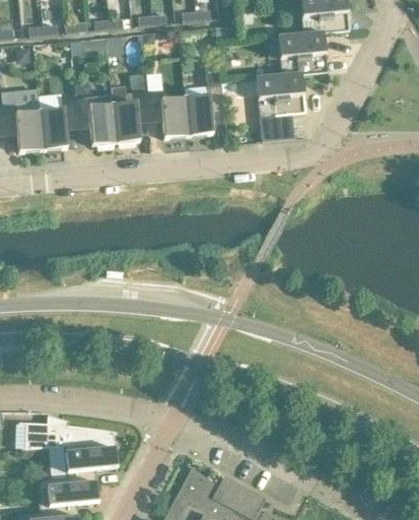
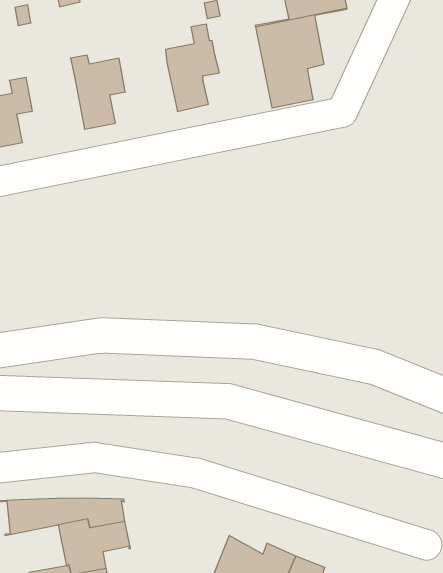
building: [145,74,188,139] -> none
building: [74,95,115,146] -> none

